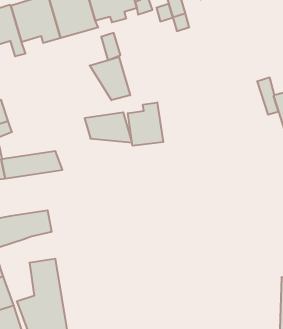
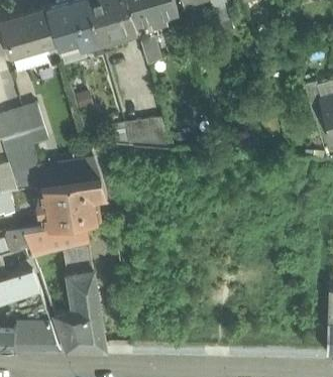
building: [90,57,130,100] -> none
building: [128,102,163,146] -> none
building: none -> [40,178,107,227]
building: none -> [62,243,93,275]

